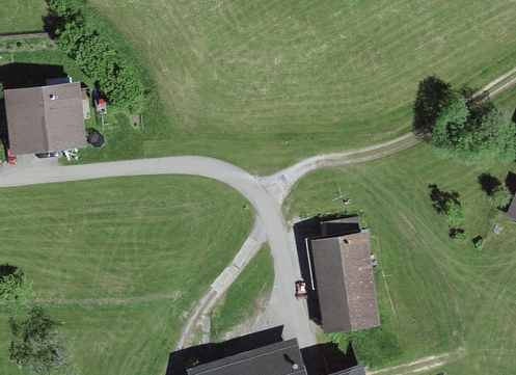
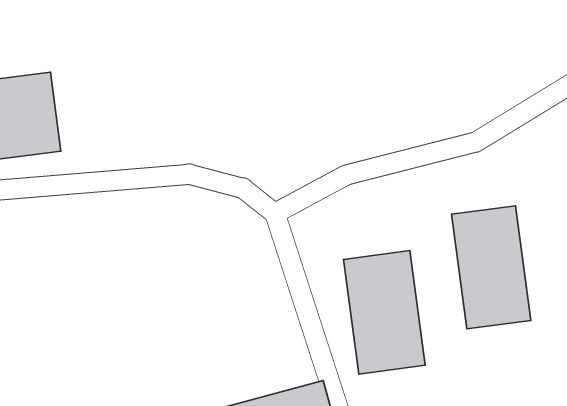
building: none -> [452,206,531,329]

